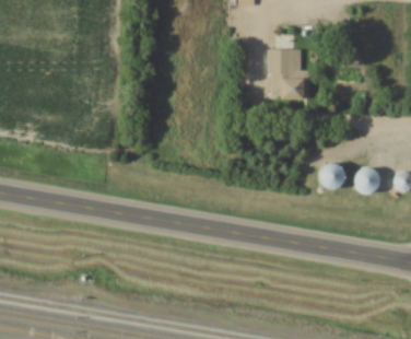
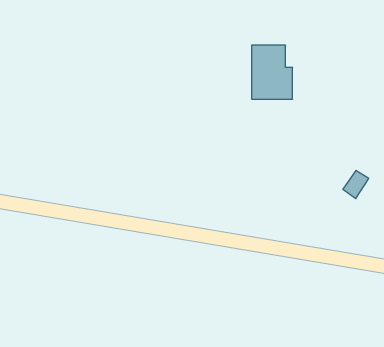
building: [321,165,341,188] -> none

